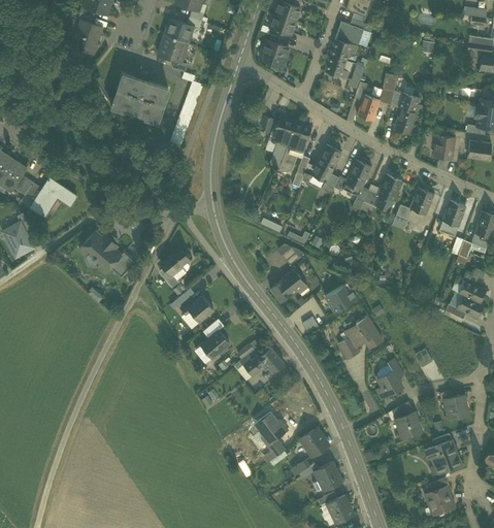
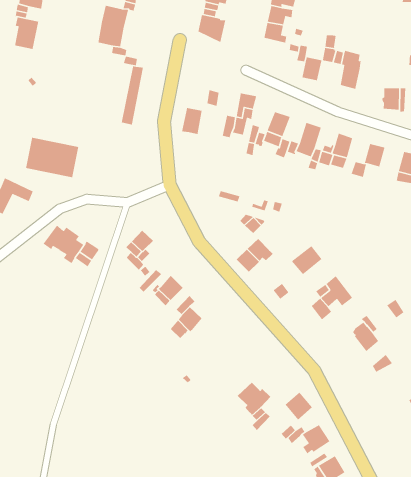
building: [111,74,168,121] -> [25,137,79,178]
building: [270,118,295,146] -> [181,107,203,135]
building: [242,348,284,374] -> none
building: [395,411,421,438] -> none

